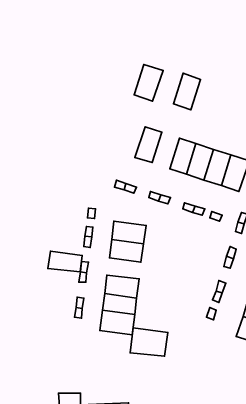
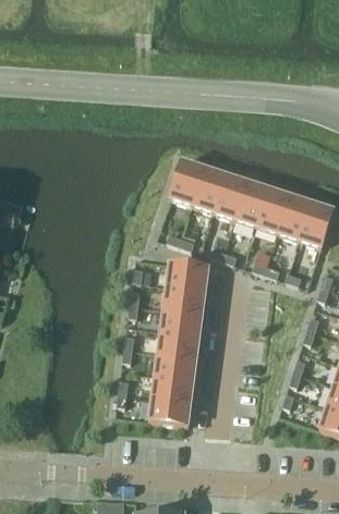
building: [134,64,163,101] -> [169,157,205,203]
building: [173,73,201,110] -> [214,171,247,217]
building: none -> [166,259,209,287]
building: [48,251,82,272] -> [157,328,199,354]
building: [130,328,168,356] -> none

